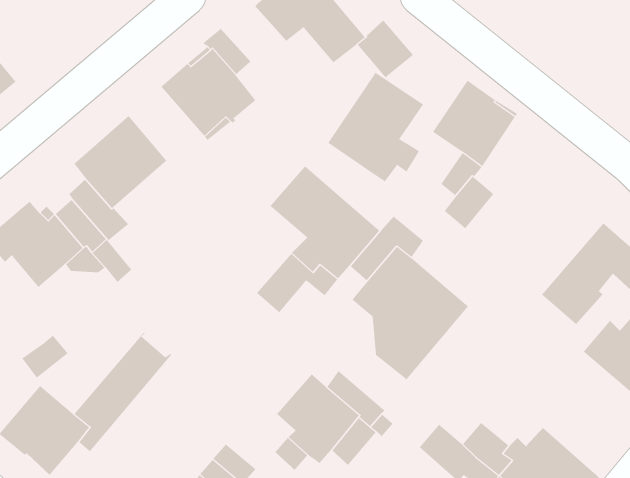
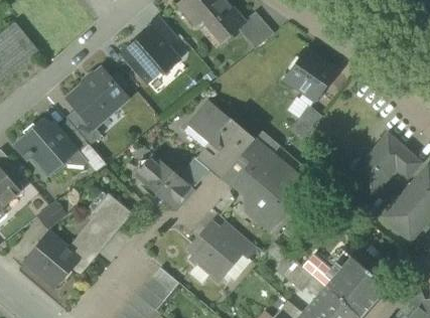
building: [327,72,424,182] -> none
building: none -> [136,156,193,210]

